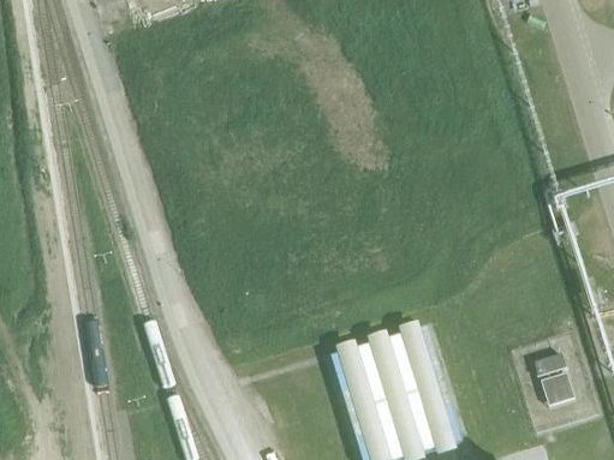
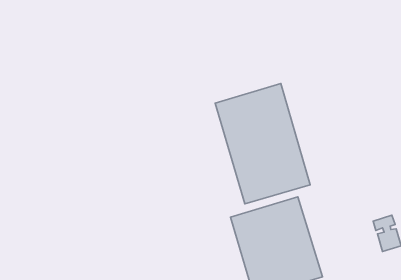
building: none -> [215,84,310,204]

